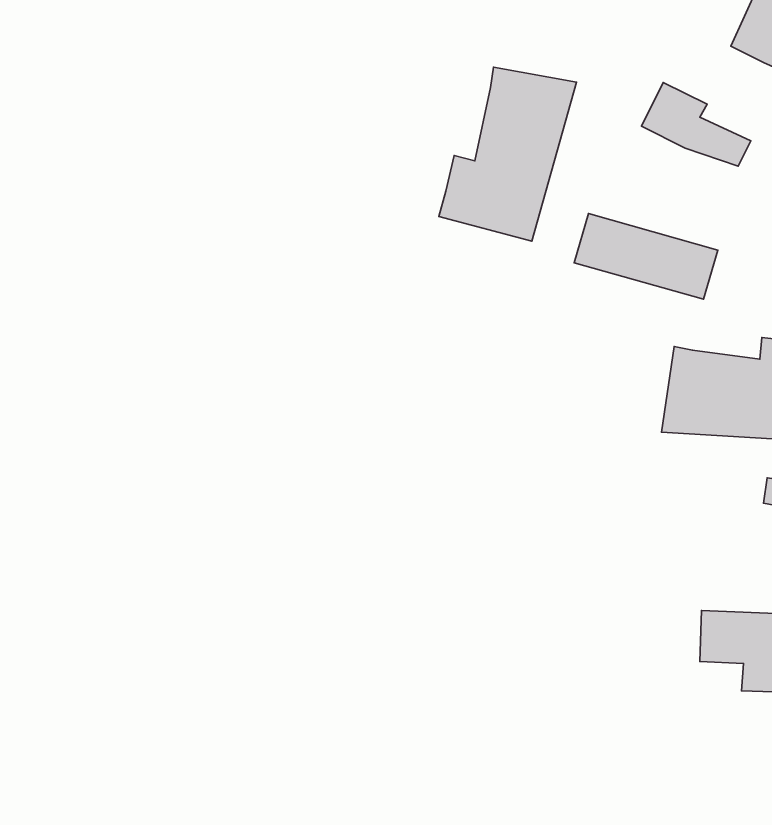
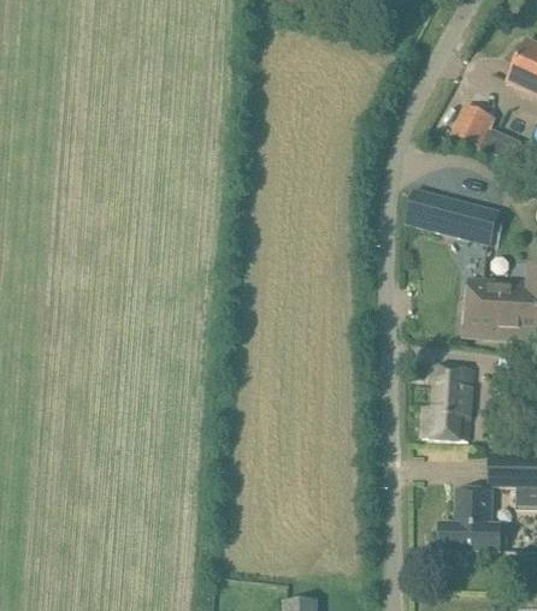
building: [439,67,577,241] -> none
building: none -> [421,364,473,437]
building: none -> [438,488,498,551]

